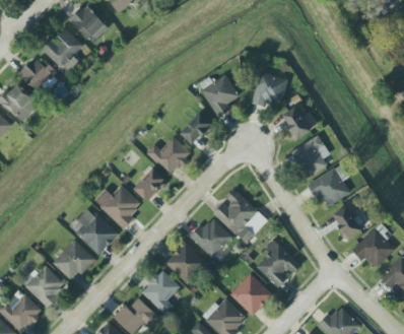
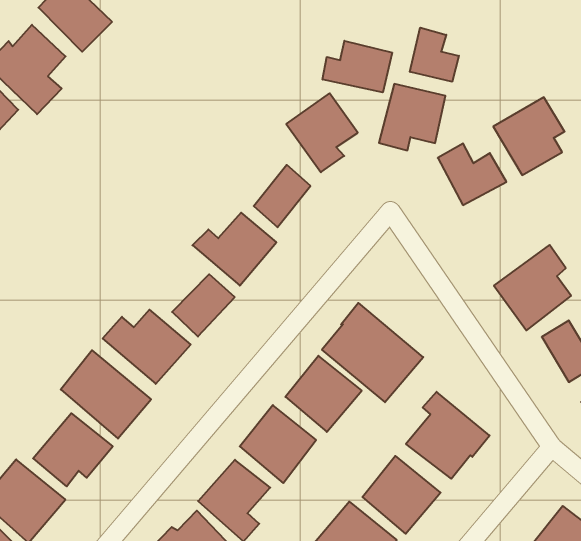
building: none -> [410,28,459,82]
building: none -> [323,41,392,92]
building: [290,136,329,178] -> [493,97,565,175]

